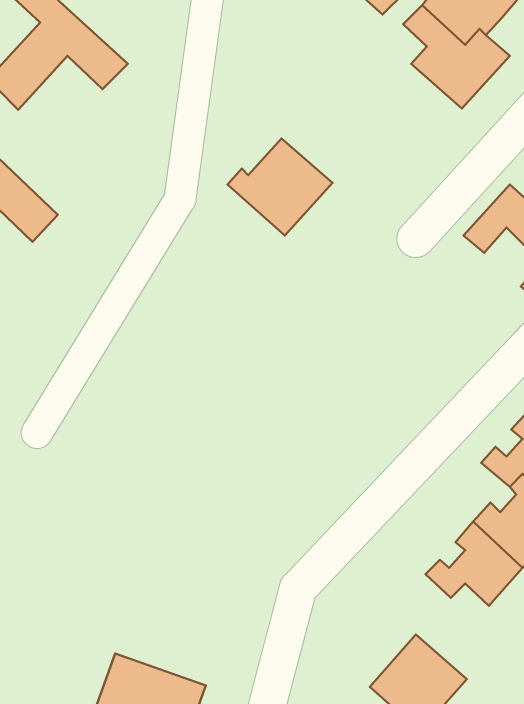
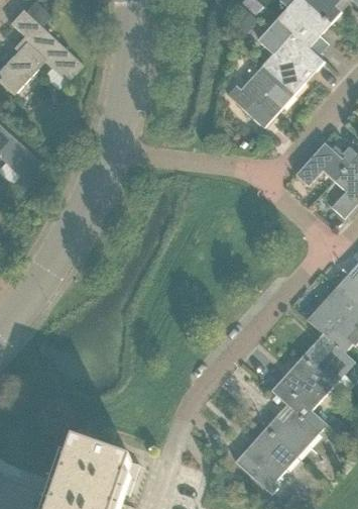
building: [228,138,333,235] -> [228,65,294,126]
building: none -> [265,395,327,455]

